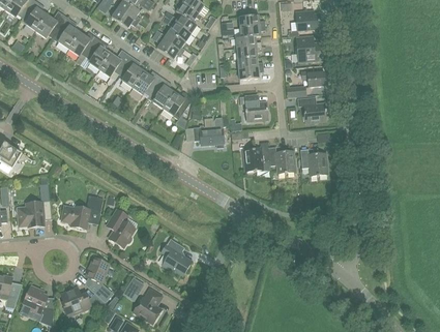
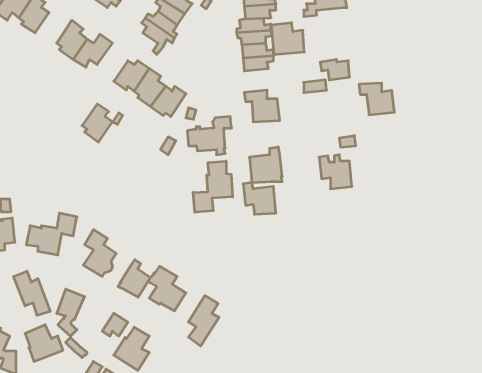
building: [68,31,98,56] -> none
building: [296,35,323,61] -> [271,23,304,54]
building: [119,56,144,87] -> [82,104,112,142]
building: [297,96,326,122] -> [359,83,394,115]
building: [268,146,295,172] -> [243,183,276,214]
building: none -> [193,161,233,212]
building: none -> [118,260,151,297]
building: none -> [14,271,50,315]
building: none -> [188,296,219,346]

